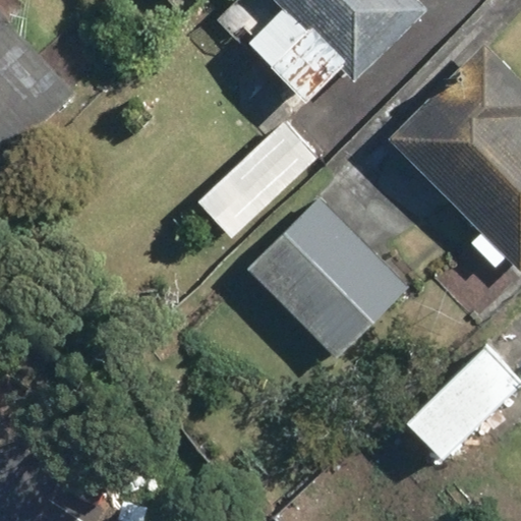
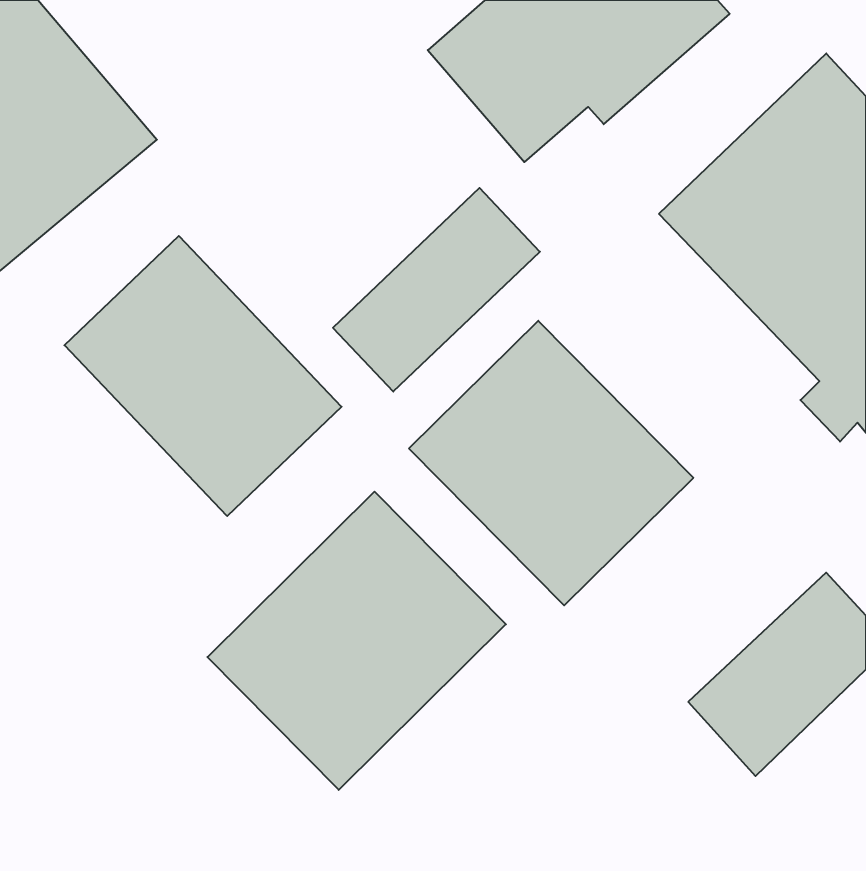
building: none -> [64,236,342,516]
building: none -> [207,492,506,790]

